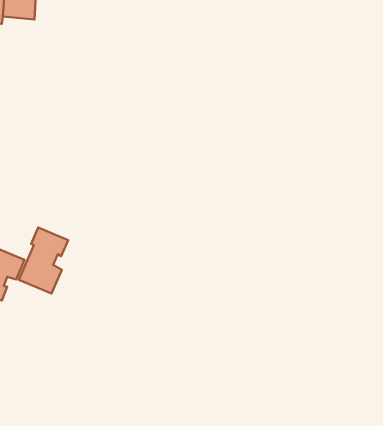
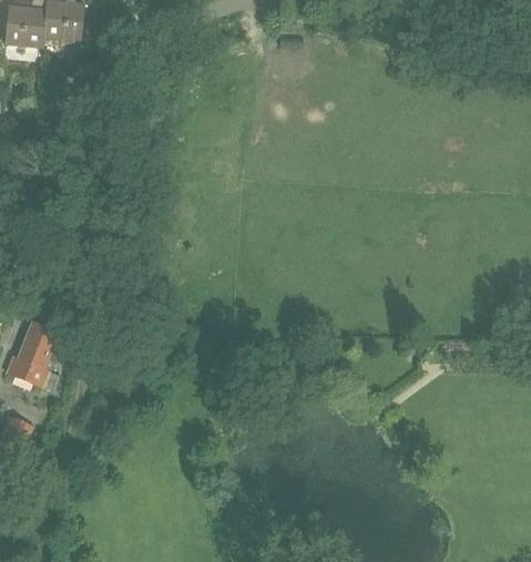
building: [19,228,68,294] -> none

